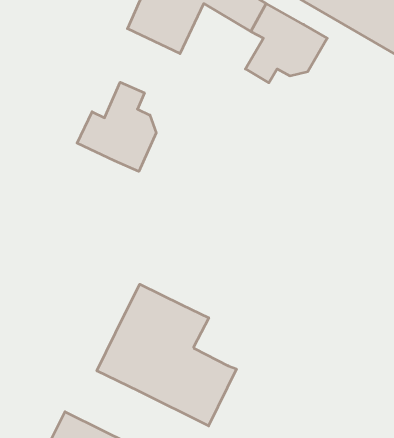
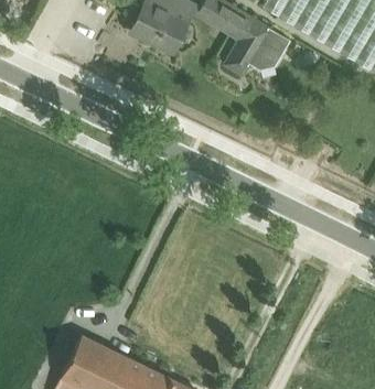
building: [77,82,156,171] -> none
building: [97,284,236,426] -> none

